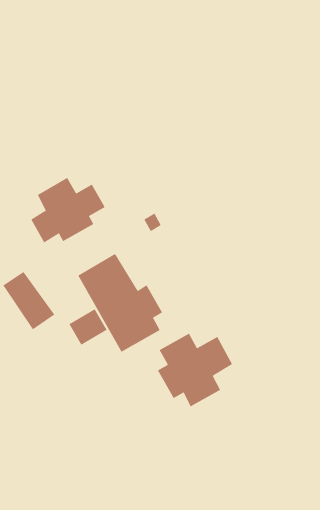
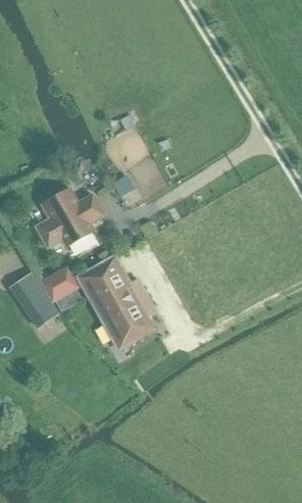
building: [68,309,108,346] -> [40,266,76,300]
building: [157,333,233,407] -> none

